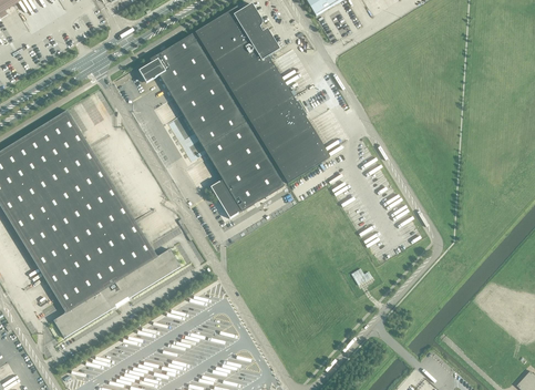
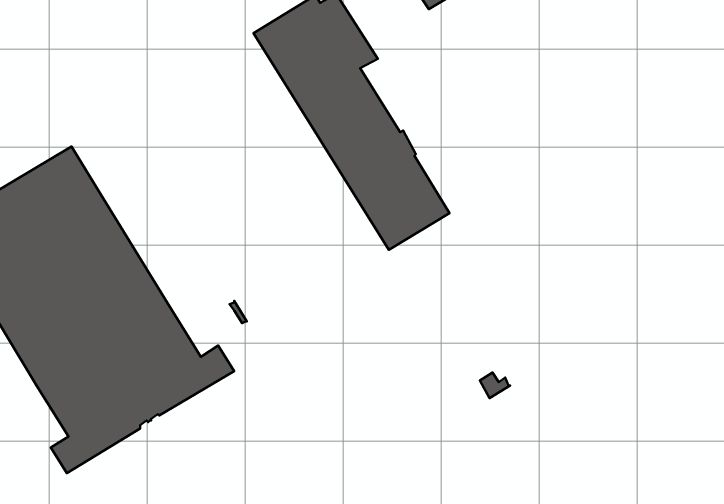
building: [140,33,282,217] -> none

